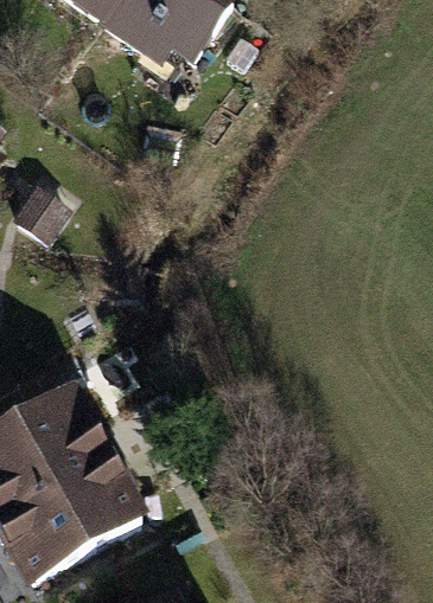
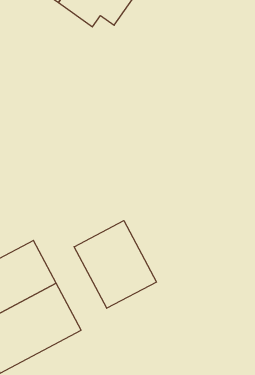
building: none -> [74,221,156,308]

